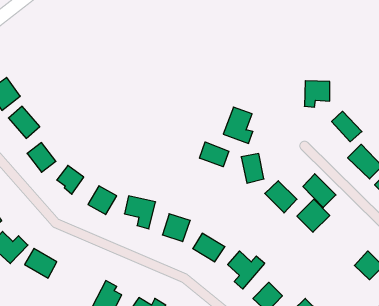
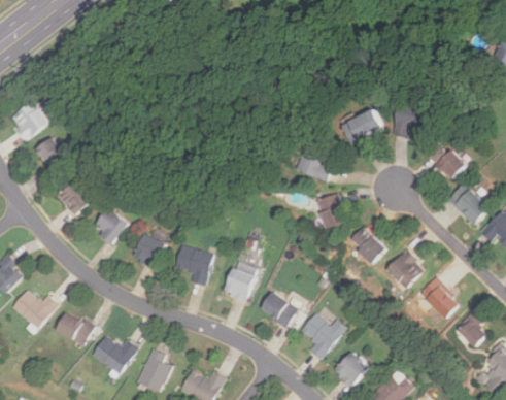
building: none -> [342,108,384,146]
building: [200,142,229,167] -> none
building: [303,174,336,208] -> [419,278,460,320]
building: none -> [92,335,138,373]

